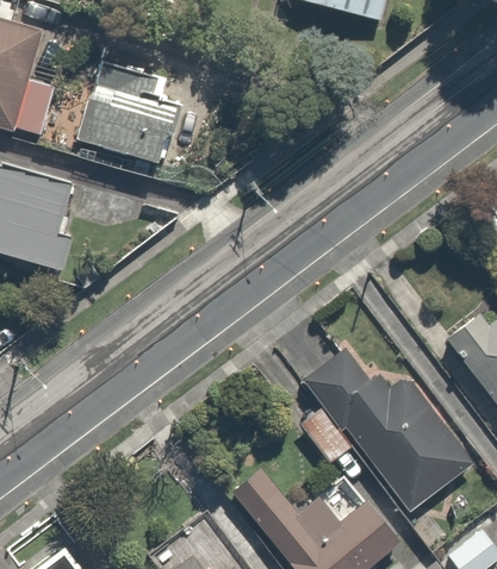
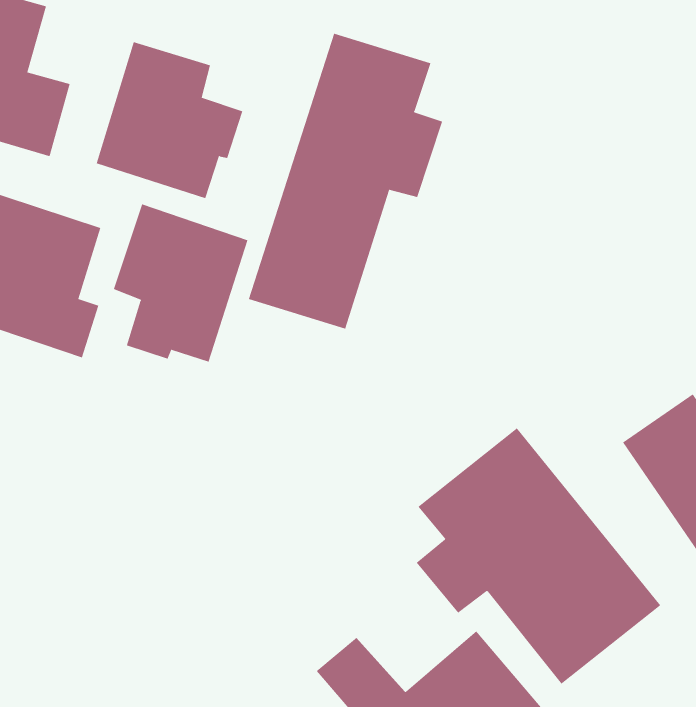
building: none -> [248,33,443,330]
building: none -> [113,203,248,363]

